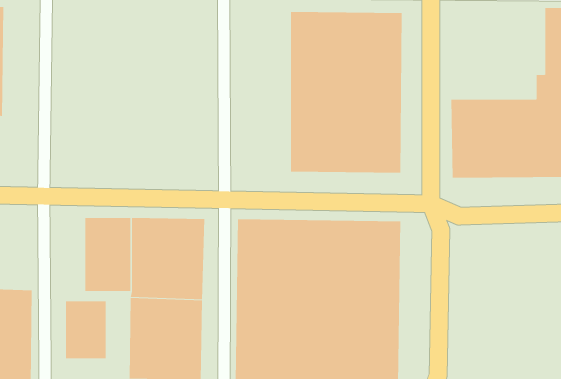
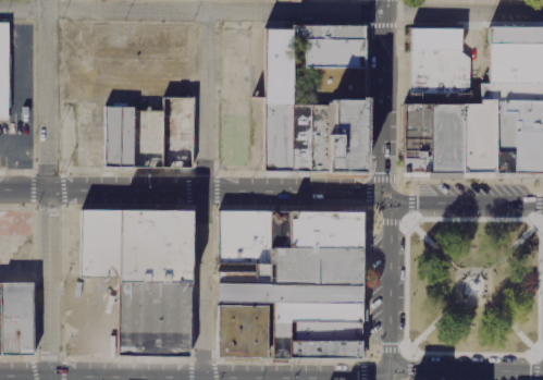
building: none -> [411,27,472,93]
building: none -> [108,95,193,164]
building: [65,300,106,359] -> none

